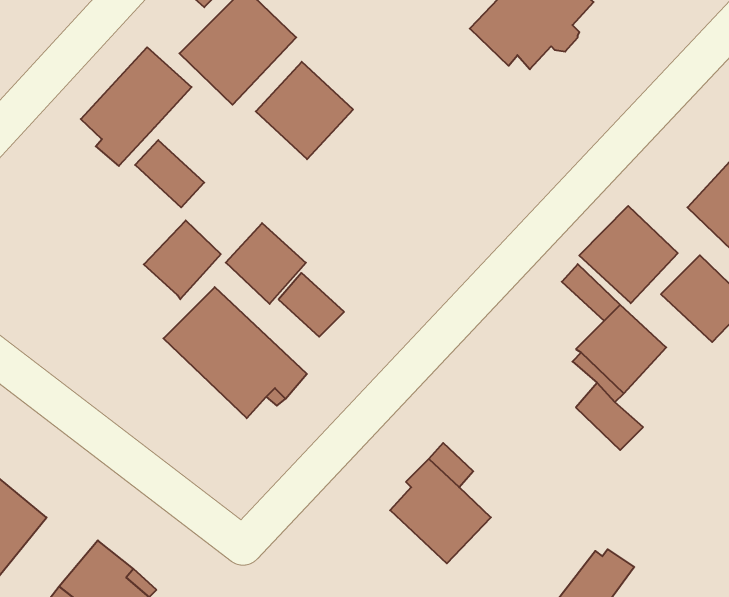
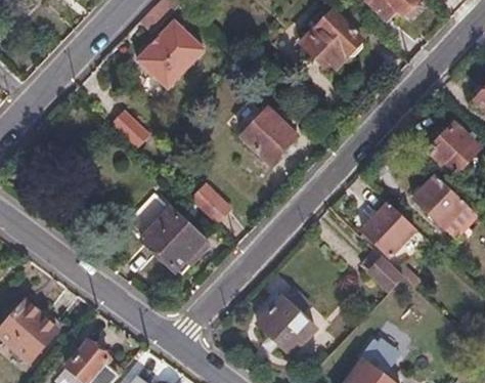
building: [81,47,192,166] -> none
building: [256,62,353,159] -> [240,109,297,165]
building: [579,206,678,303] -> none
building: [144,220,221,299] -> none
building: [226,223,306,304] -> none

